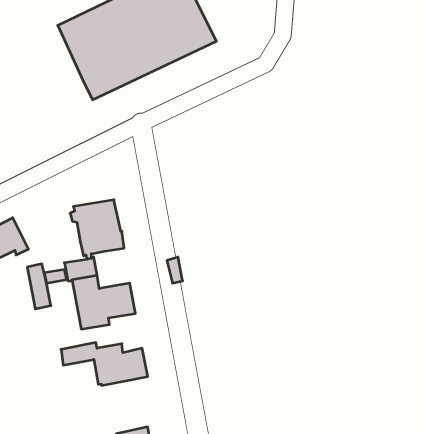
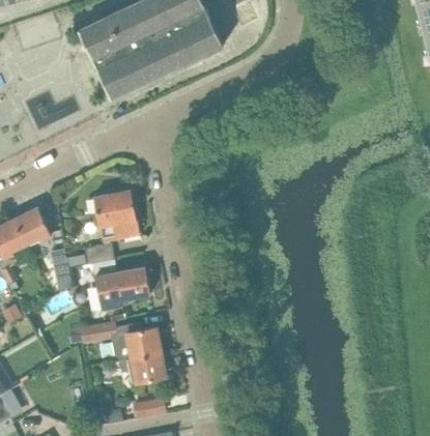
building: none -> [119,353,167,383]

